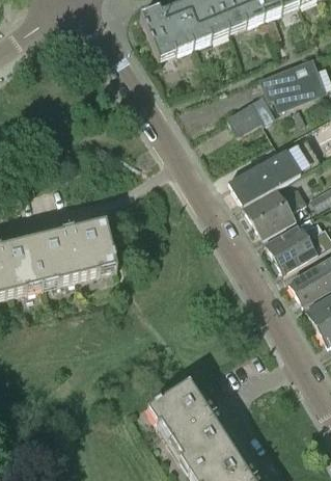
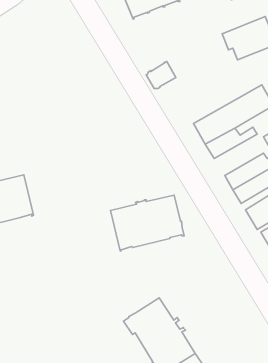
building: [227,101,261,132] -> [146,61,176,88]
building: [252,192,307,236] -> none
building: [32,221,117,286] -> [110,195,184,251]

